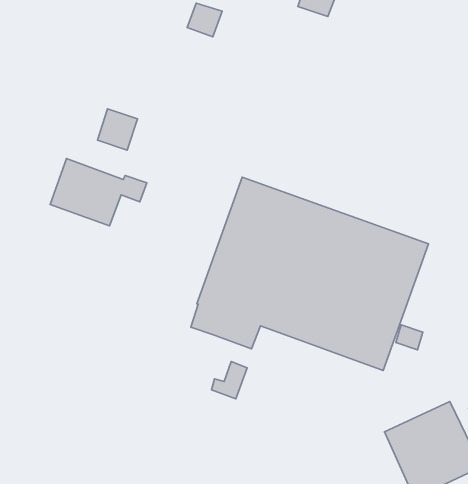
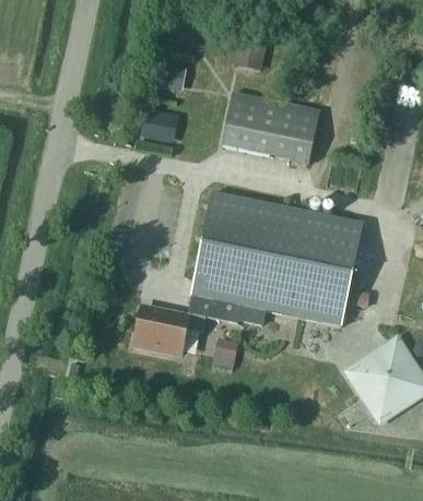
building: none -> [222,92,320,163]
building: [97,109,137,150] -> [140,109,168,139]
building: [50,159,147,226] -> [134,307,207,354]

